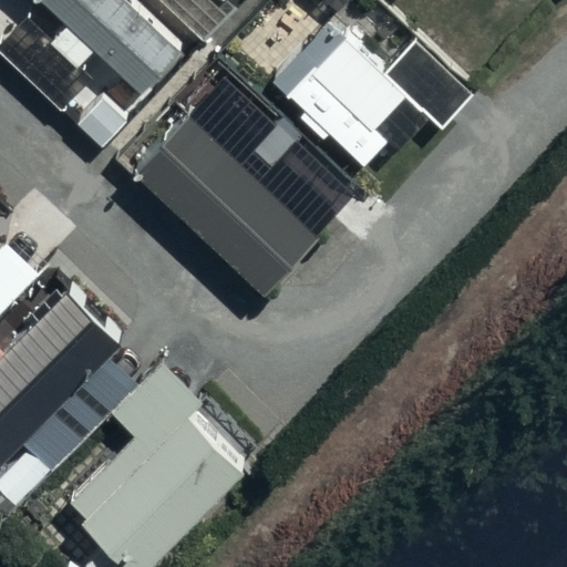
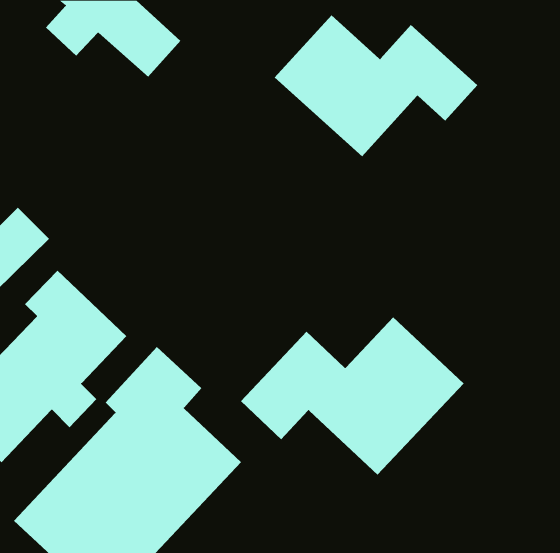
building: [128,75,329,306] -> none
building: none -> [240,316,465,476]

